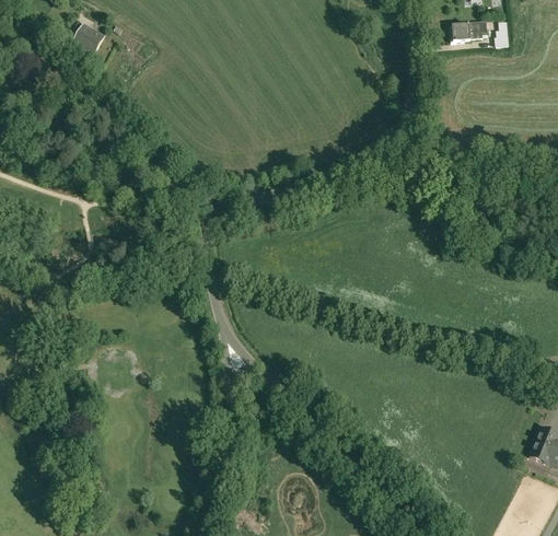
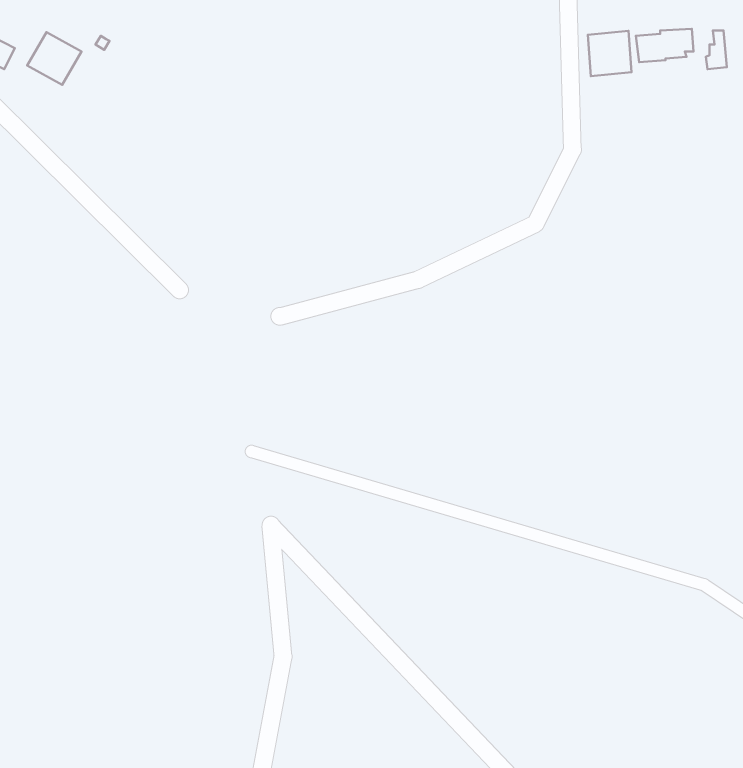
building: none -> [588,31,632,76]

